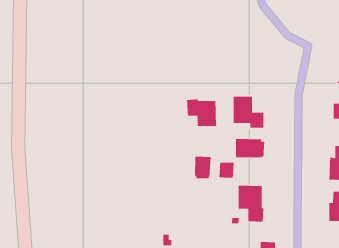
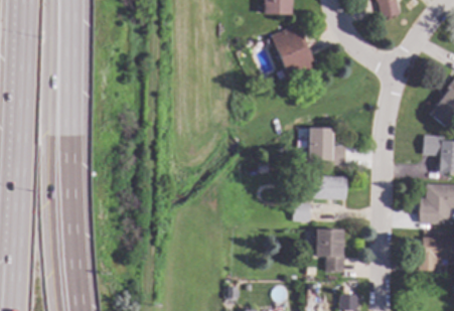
building: none -> [271,25,313,79]
building: [186,98,217,127] -> none
building: [194,156,211,179] -> none

